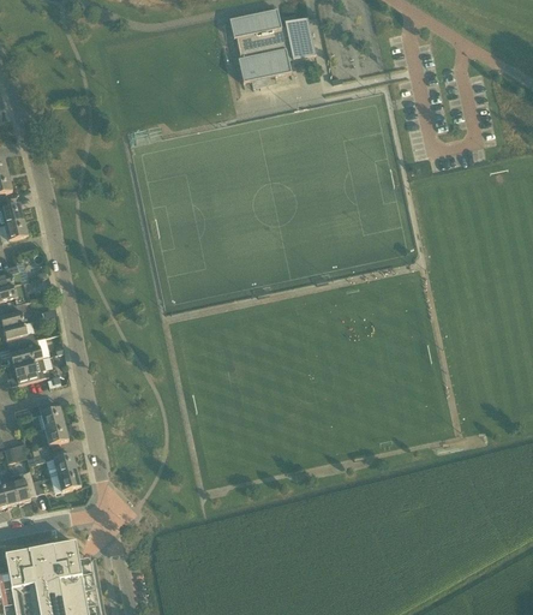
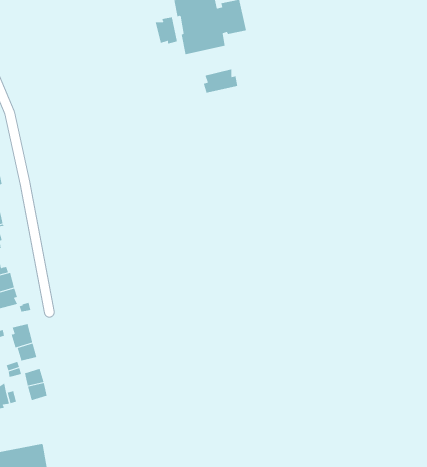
building: none -> [155,17,178,46]
building: none -> [202,68,238,93]

